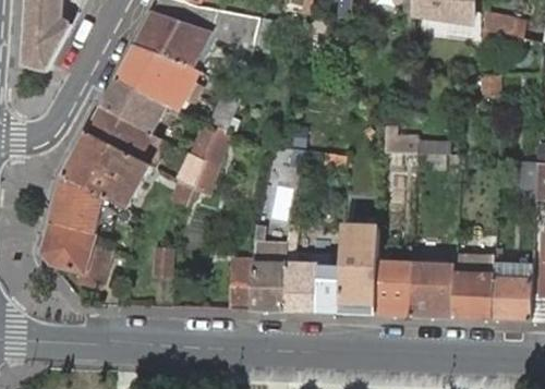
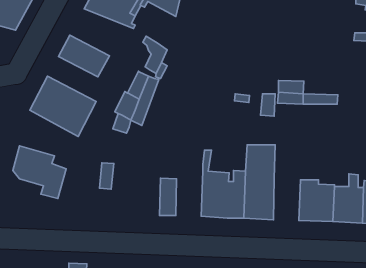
building: [116,44,199,110] -> none
building: [87,105,162,166] -> none
building: [51,173,106,232] -> none
building: [252,223,287,309] -> none
building: [377,260,412,315] -> none

